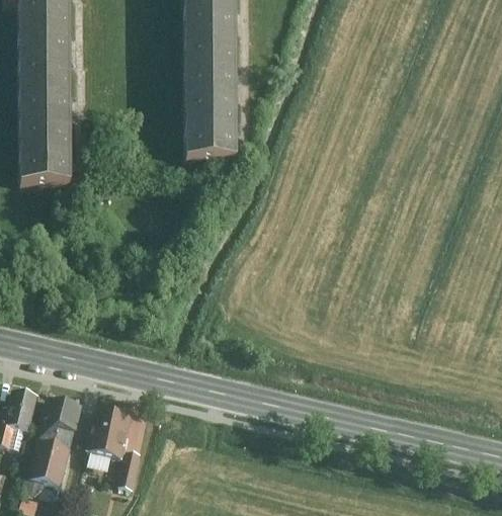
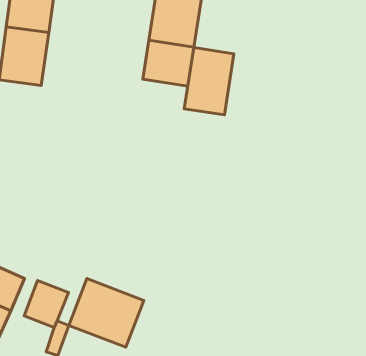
building: none -> [184,48,234,115]
building: none -> [69,278,144,347]

